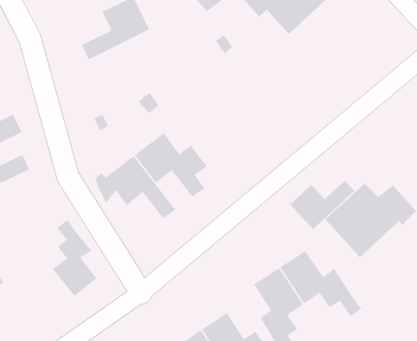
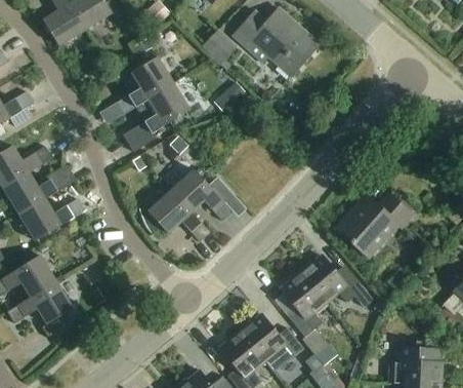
building: none -> [122,83,190,152]
building: [290,180,356,230] -> none
building: [52,219,97,297] -> none

